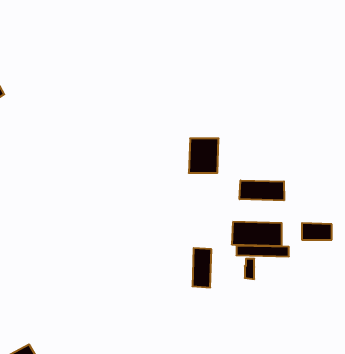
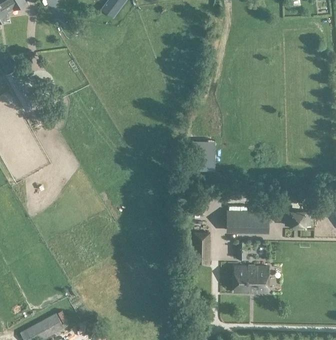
building: [240,180,284,200] -> none
building: none -> [233,265,268,292]

